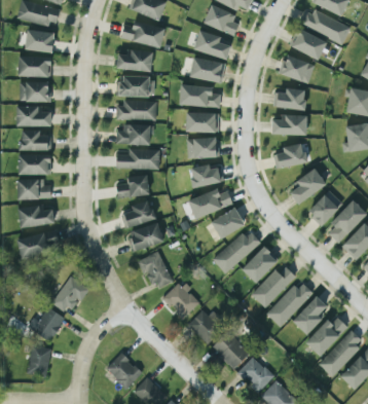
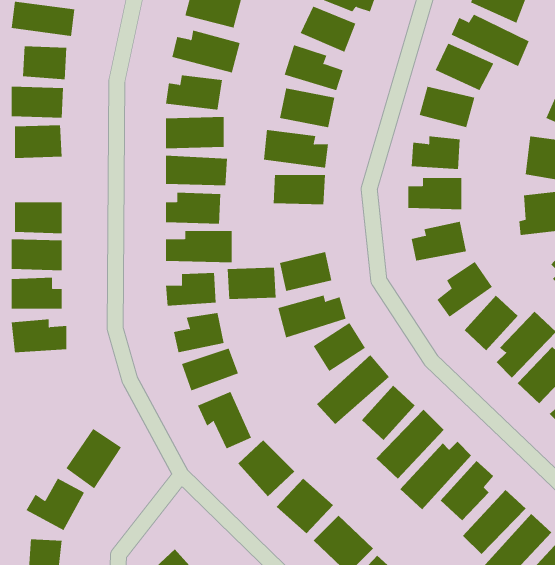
building: [16,107,50,126] -> none
building: [186,138,218,158] -> [227,267,277,299]
building: [16,231,60,259] -> none

